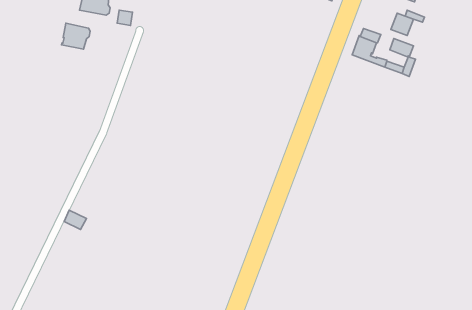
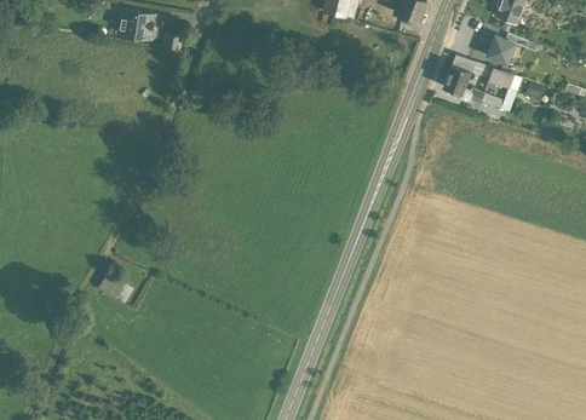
building: [61,23,90,49] -> none

